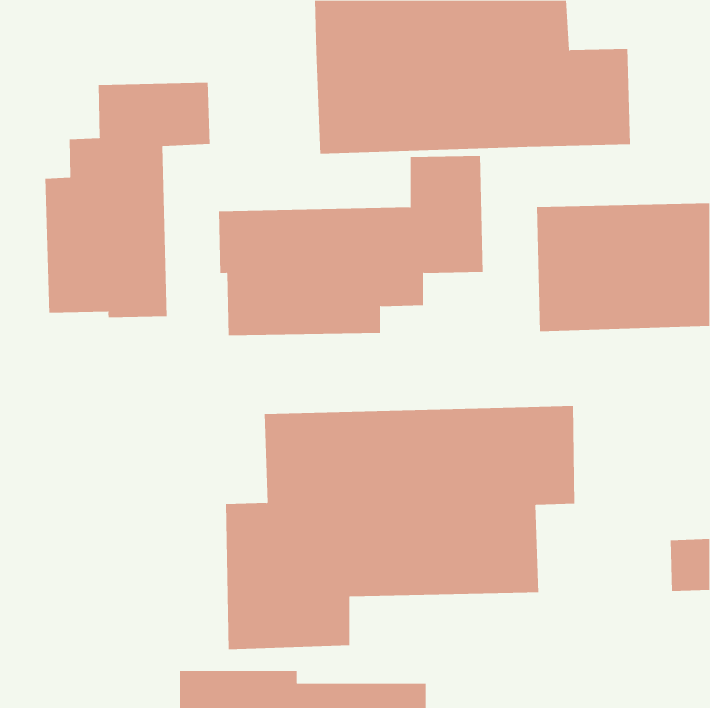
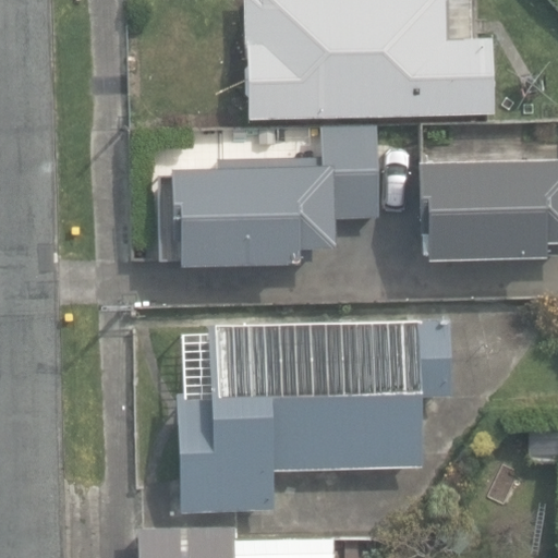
building: [45,82,210,318] -> none

